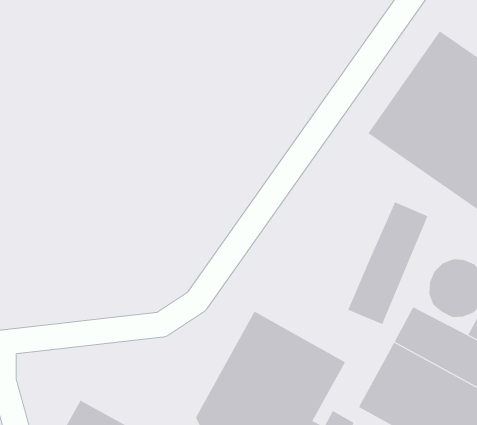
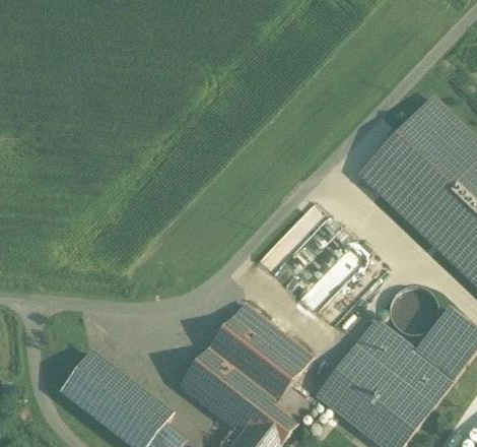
building: [347,202,428,325] -> none

